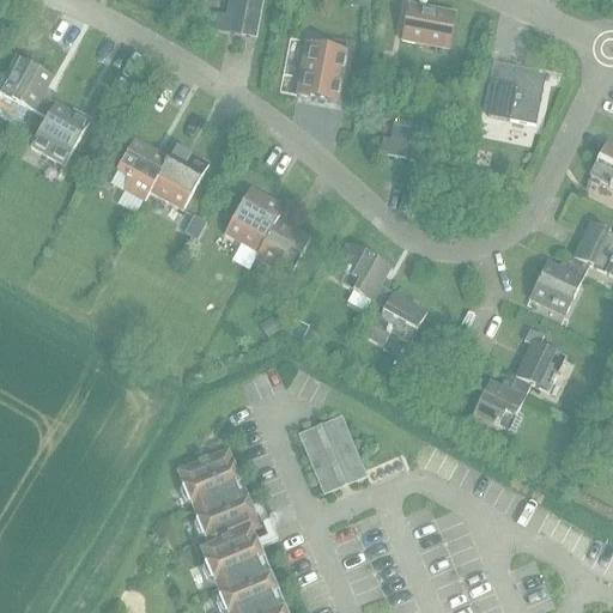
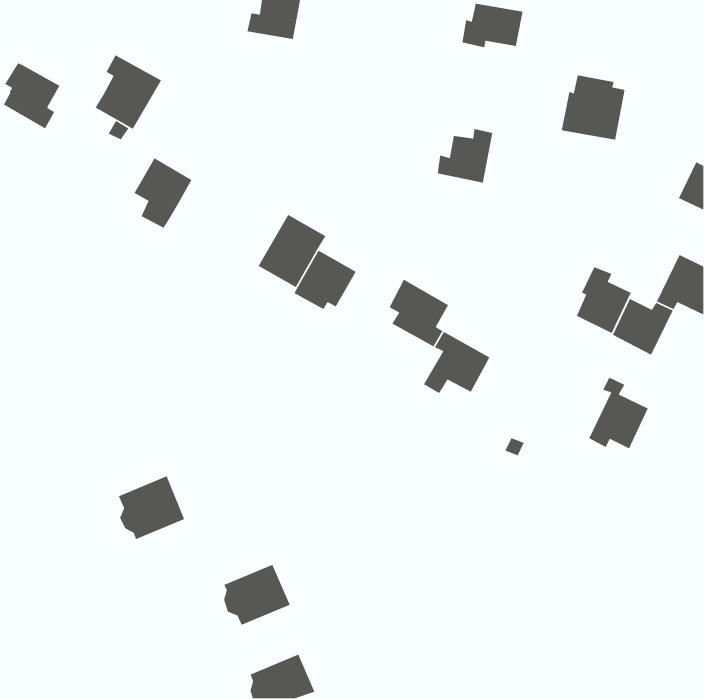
building: [296,40,347,99] -> none
building: [30,97,89,163] -> [95,54,162,130]
building: [148,142,208,208] -> none
building: none -> [576,266,632,334]
building: [473,378,527,430] -> none
building: [298,413,366,492] -> none
building: [178,451,237,508] -> [118,475,185,540]
building: [201,526,260,585] -> none

